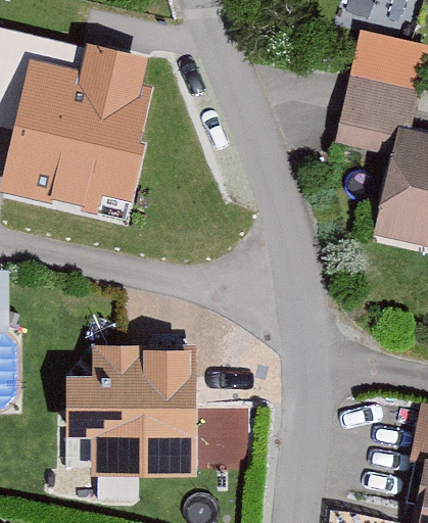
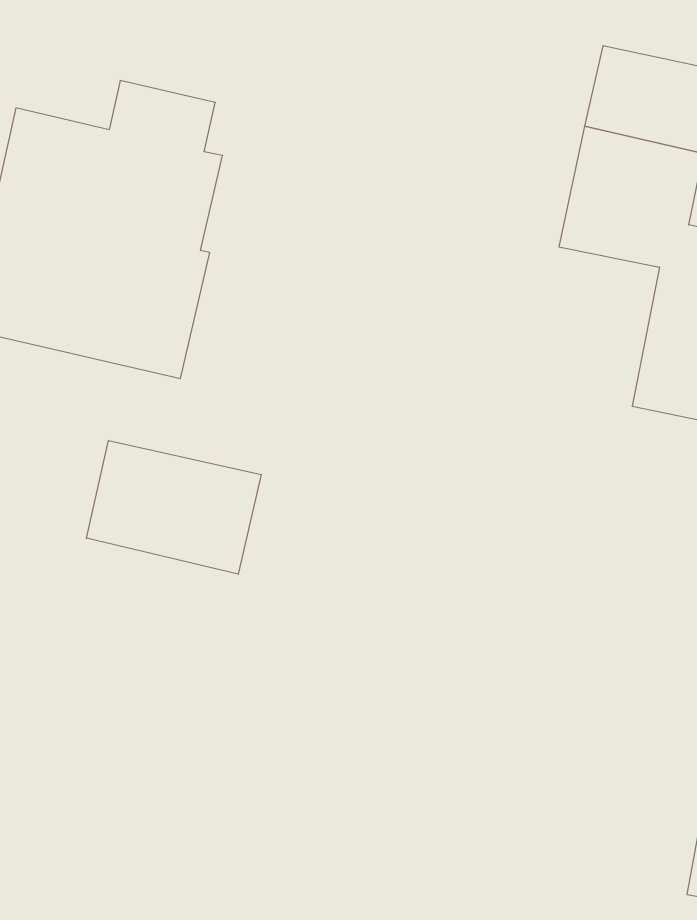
building: none -> [86,440,261,574]
building: [72,344,200,474] -> none

